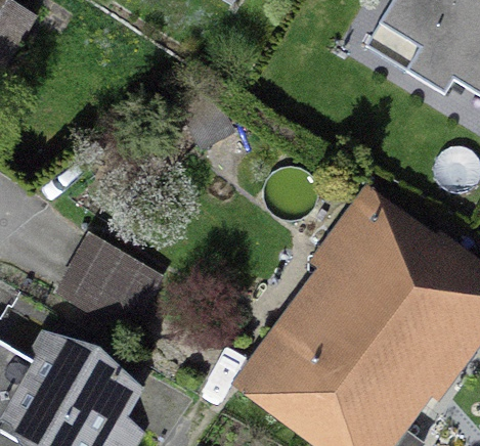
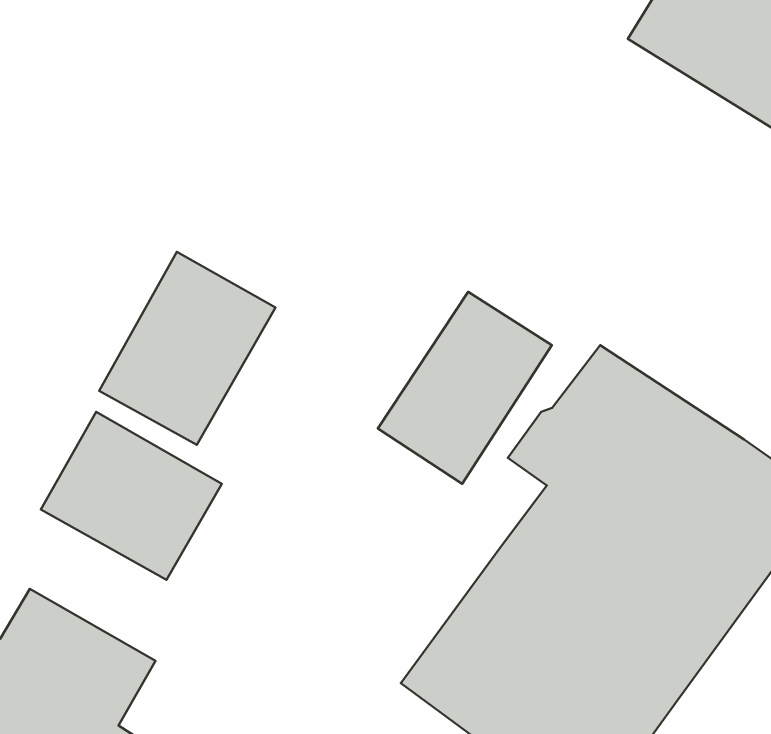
building: none -> [99,252,275,445]
building: none -> [378,292,552,484]

